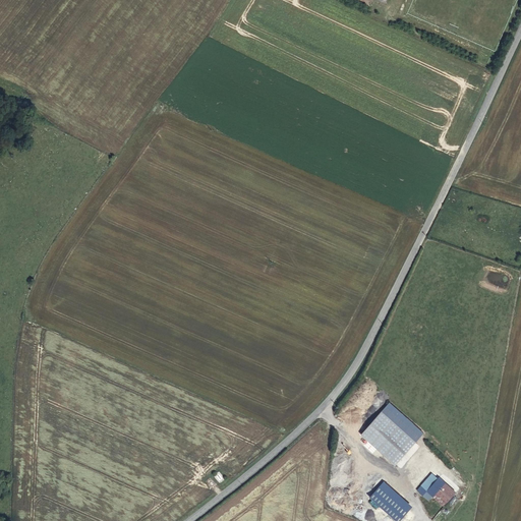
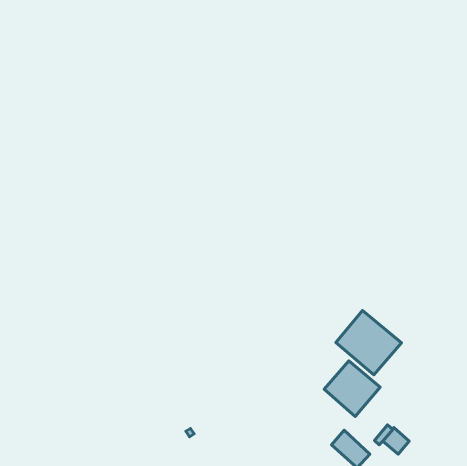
building: none -> [336,310,402,375]

